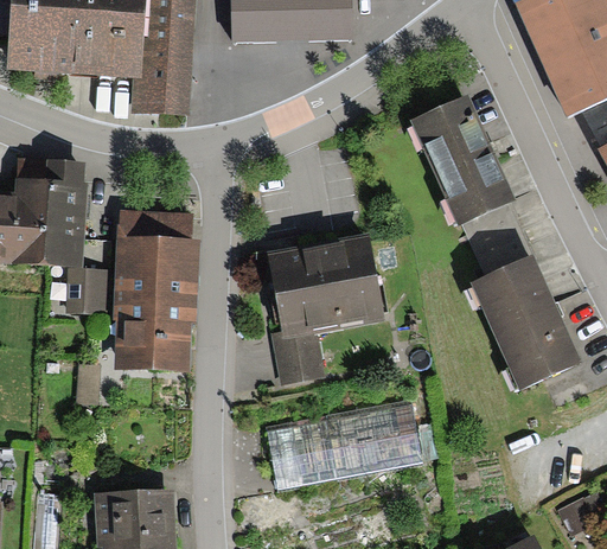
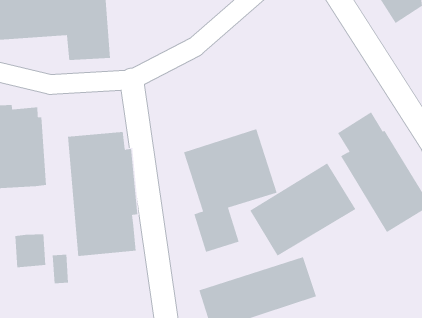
building: [410,94,520,250] -> none
building: [66,272,108,315] -> [14,234,46,268]
building: none -> [249,162,356,256]

